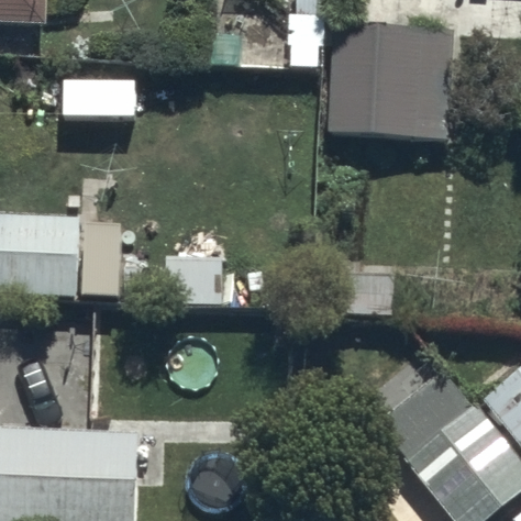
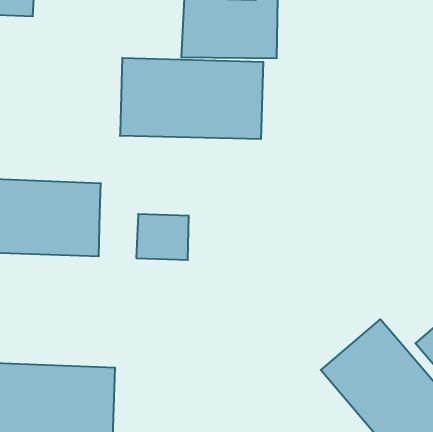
building: [328,20,453,138] -> none
building: none -> [120,58,263,139]

